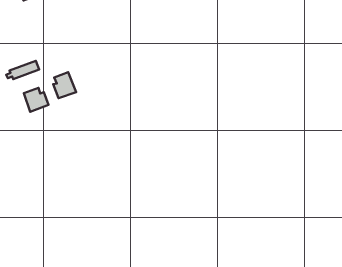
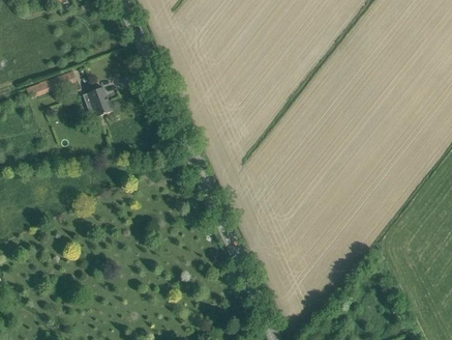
building: [24,88,48,112] -> none

